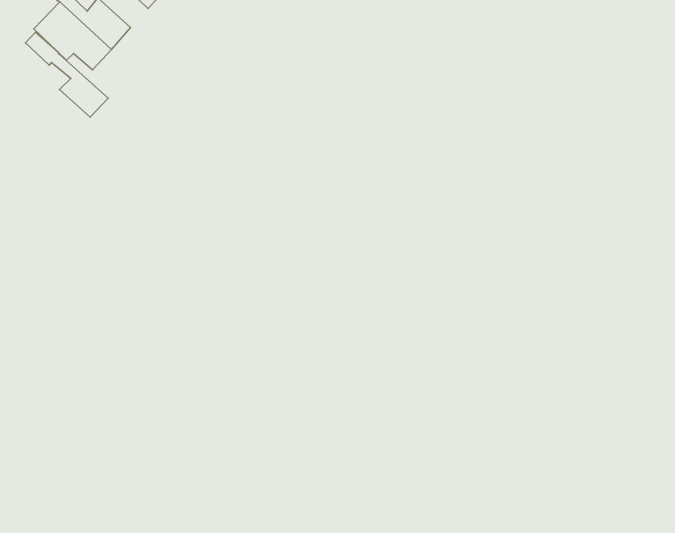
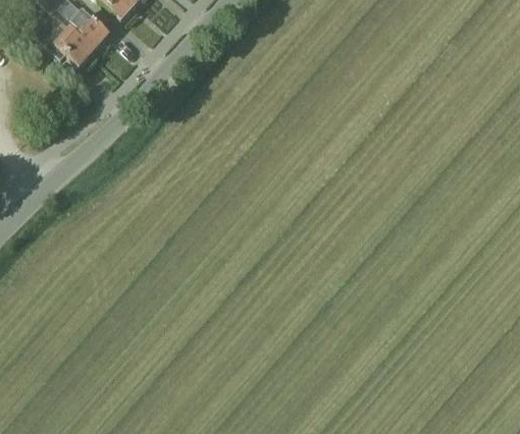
building: [25,32,108,117] -> none

